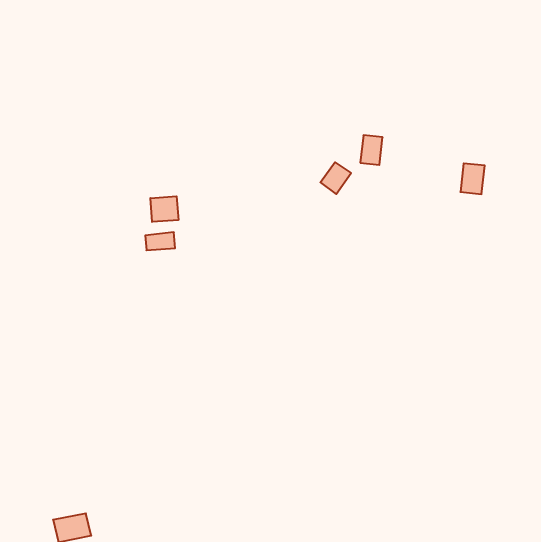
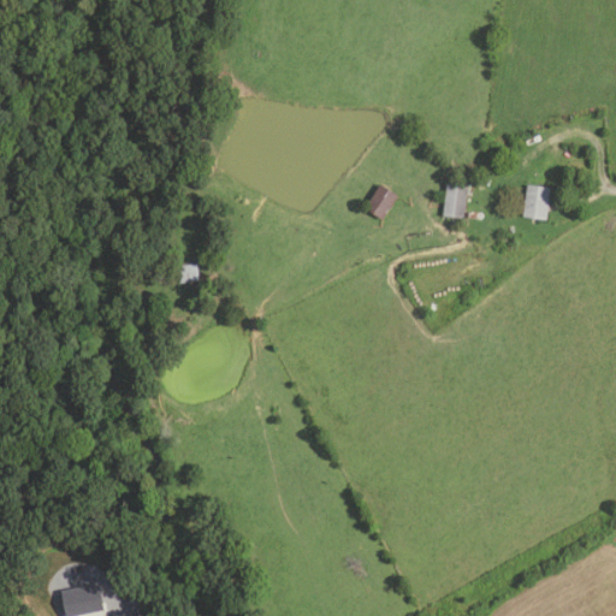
building: [360,135,383,165] -> [443,185,468,219]
building: [150,196,178,222] -> none

